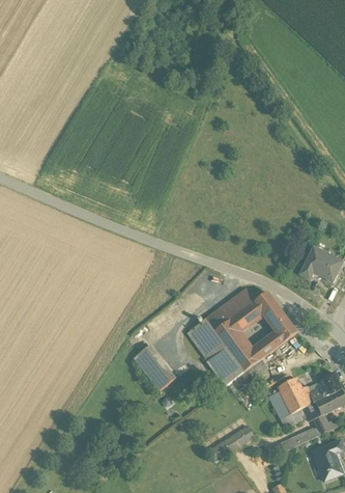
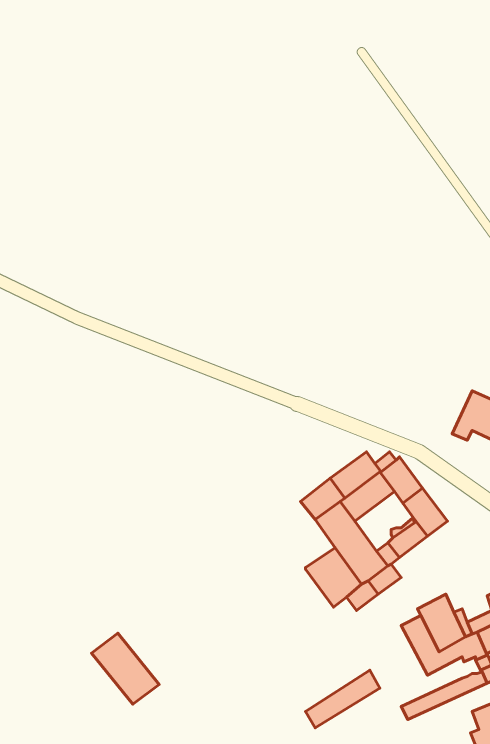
building: [186,319,226,360] -> none
building: [133,345,175,389] -> [92,633,159,704]

